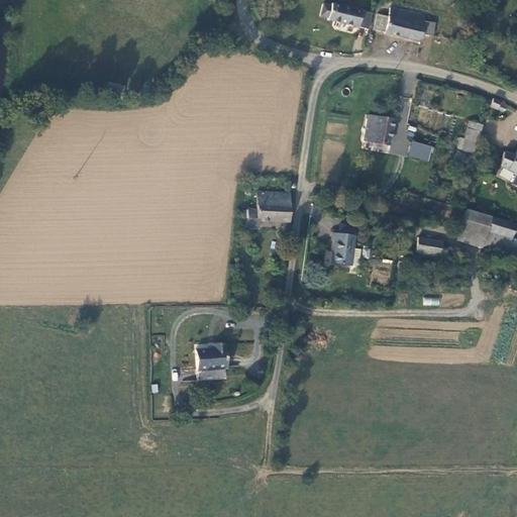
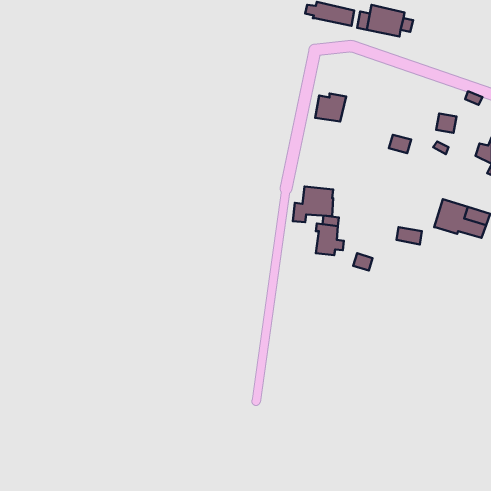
building: [364,114,396,143] -> [315,94,346,122]
building: [248,190,291,227] -> [293,186,333,222]
building: [197,347,226,374] -> none

